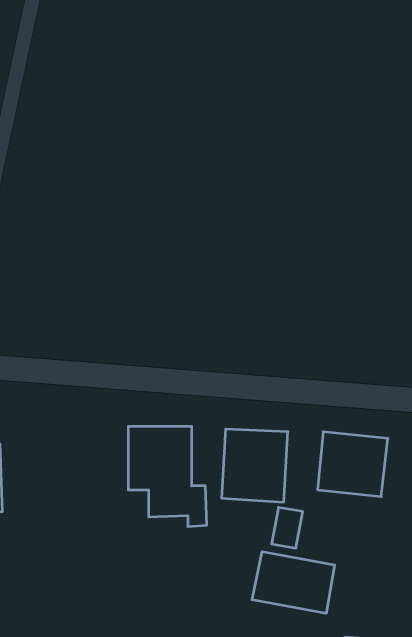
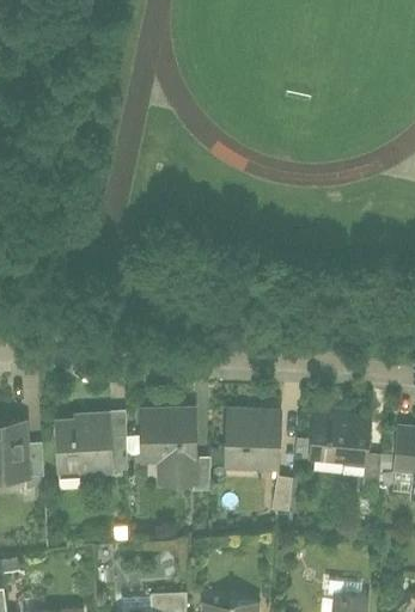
building: none -> [55,411,127,475]
building: [252,552,335,613] -> none

